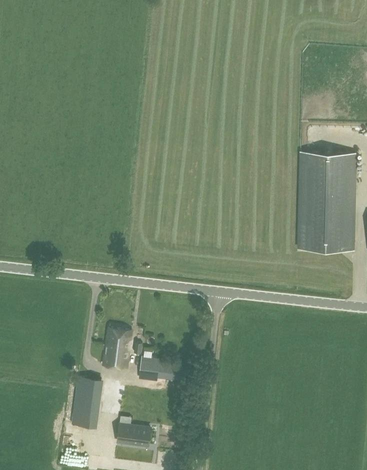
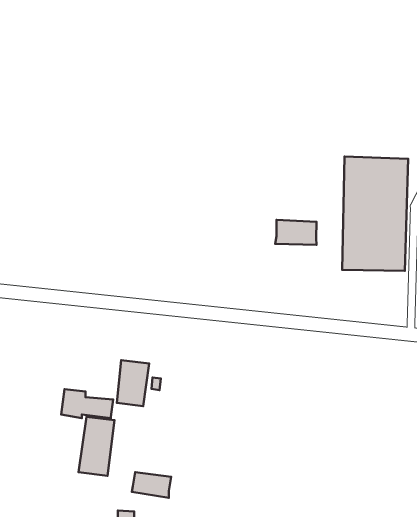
building: none -> [275,220,316,245]
building: [138,356,183,381] -> [61,389,113,418]

